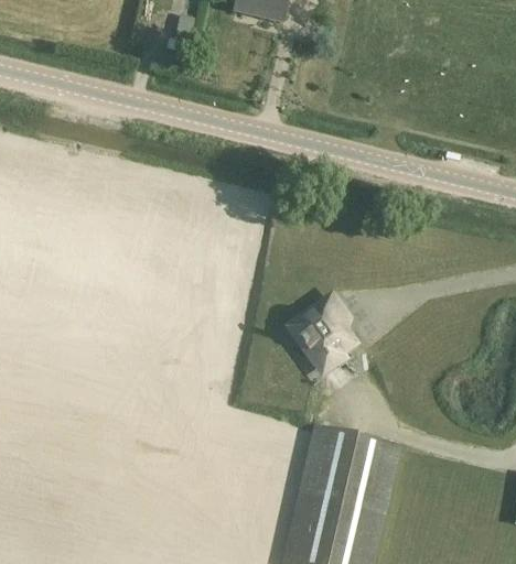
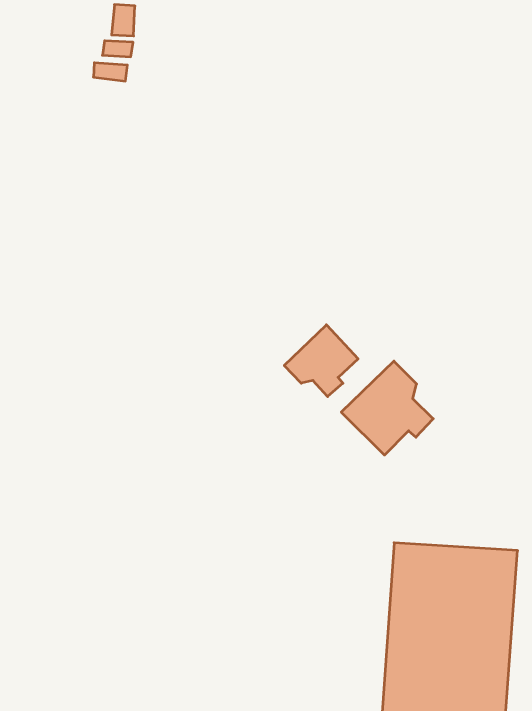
building: none -> [284,325,358,397]

